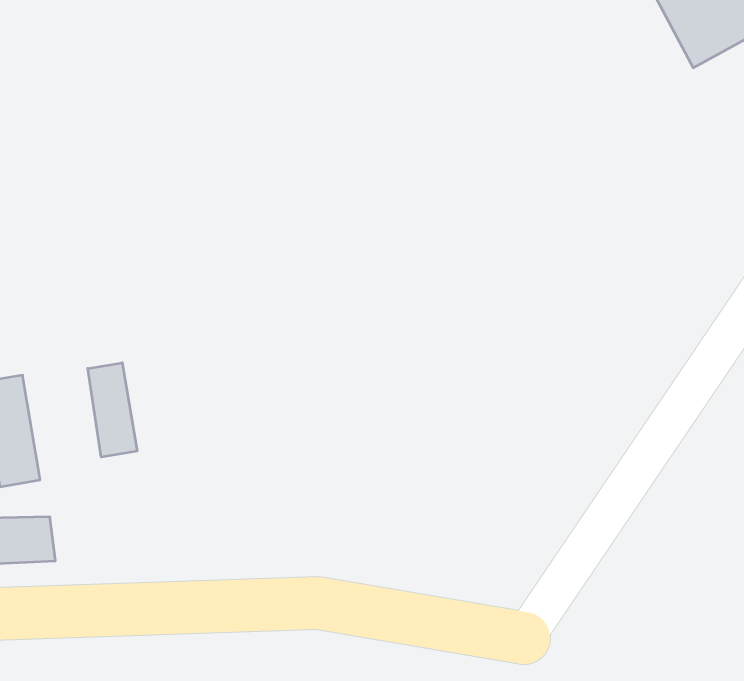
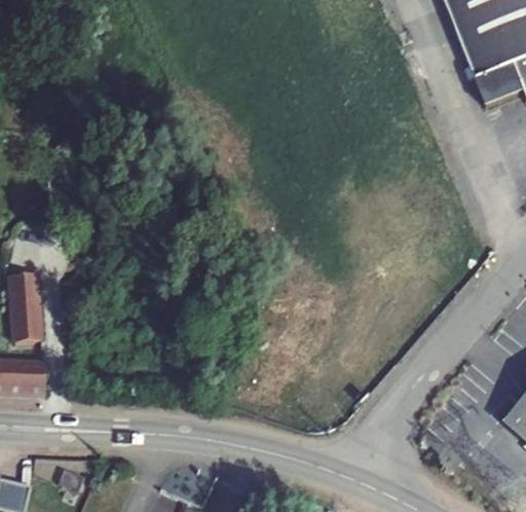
building: [88,363,137,457] -> none

